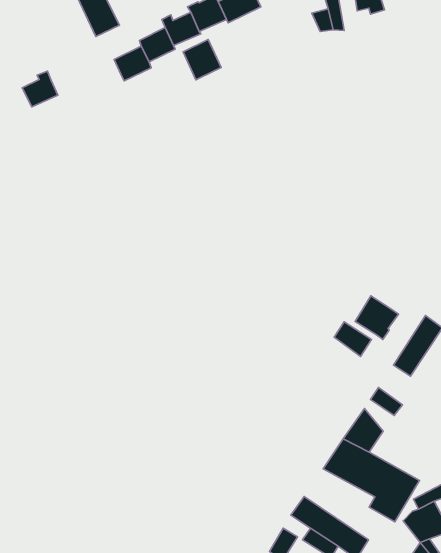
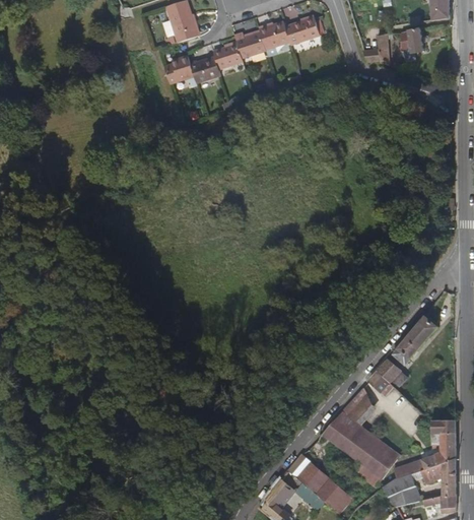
building: [183,39,221,80] -> none
building: [22,71,58,107] -> [163,55,193,83]
building: [355,296,398,339] -> none
building: [334,322,372,357] -> [377,359,408,390]

